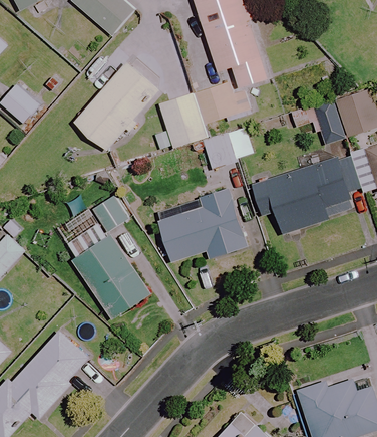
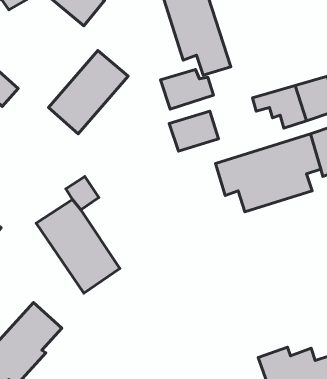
building: [159,93,207,148] -> none
building: [157,188,247,261] -> none

